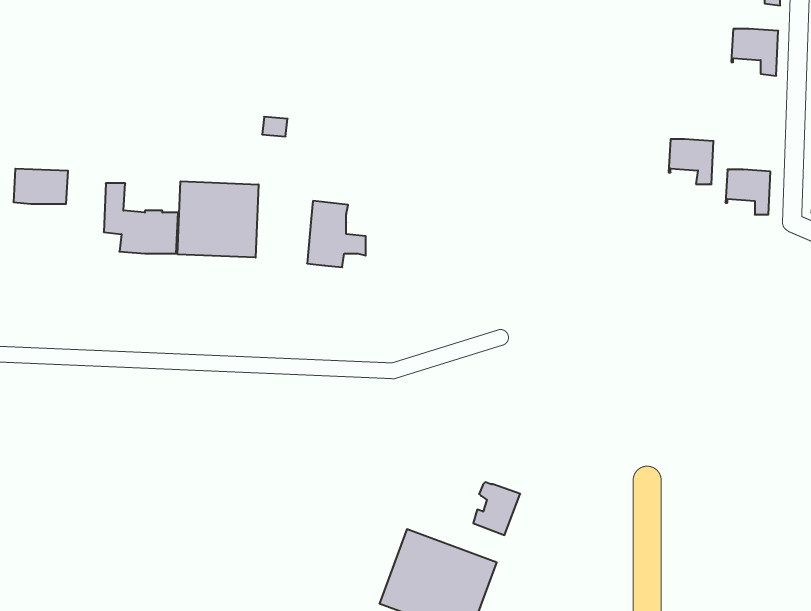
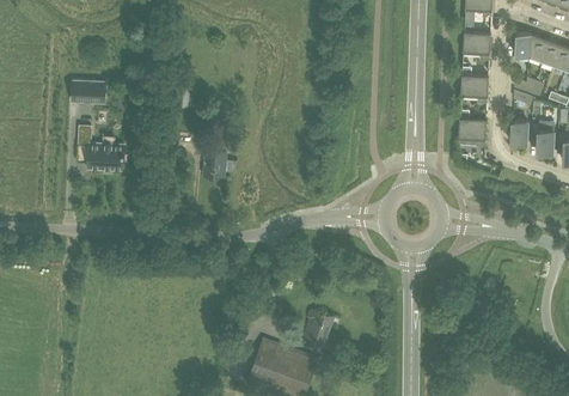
building: [669,139,714,184] -> [460,74,488,102]
building: [13,169,68,204] -> [72,80,105,102]
building: [178,181,259,258] -> none

